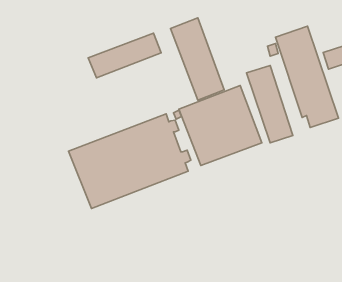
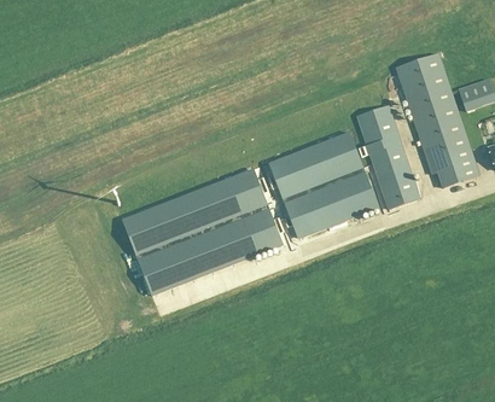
building: [171,18,224,100] -> none
building: [88,33,161,78] -> none

